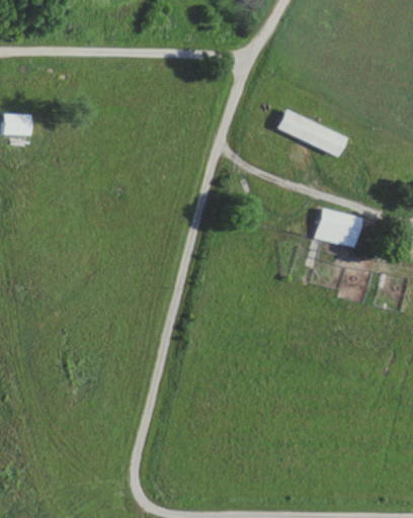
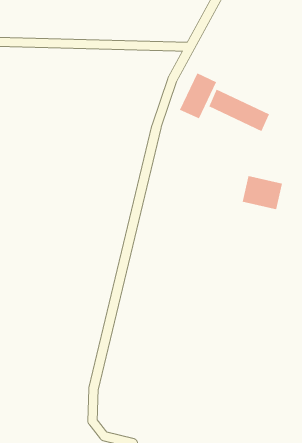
building: none -> [179,73,217,119]

